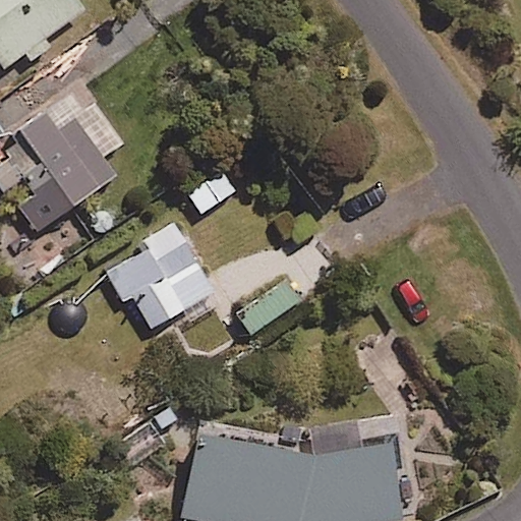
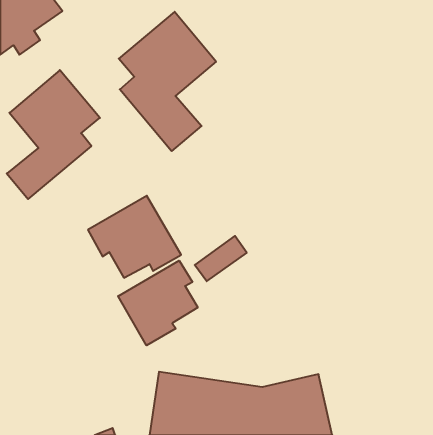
building: none -> [119,12,216,151]
building: none -> [118,261,198,345]

